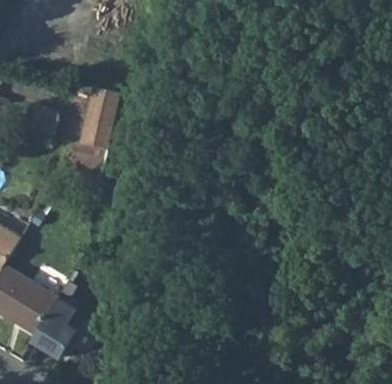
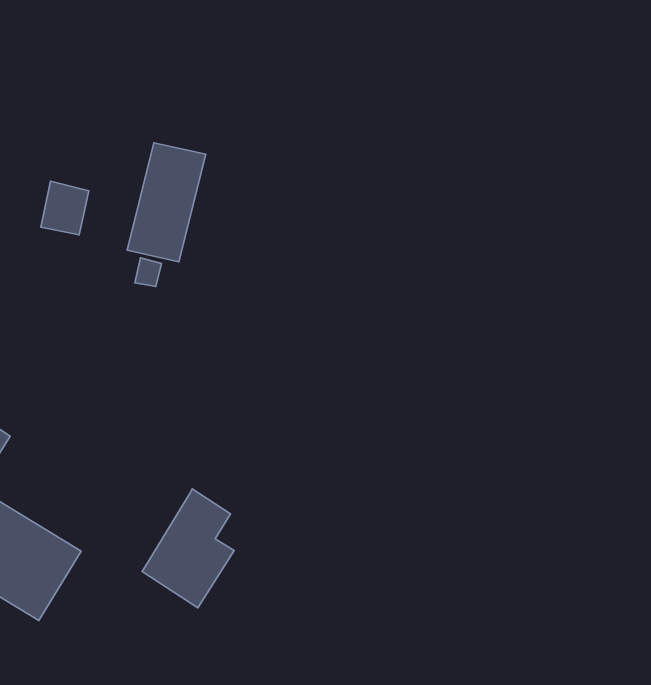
building: [29,295,77,357] -> [142,489,234,608]

